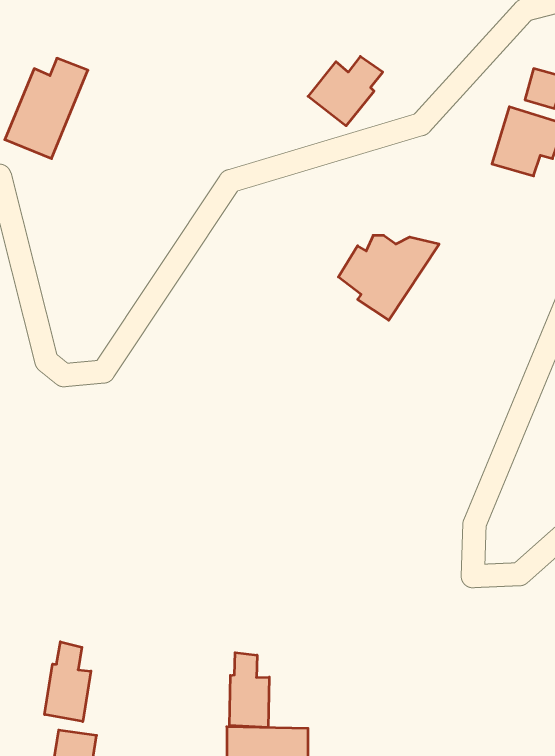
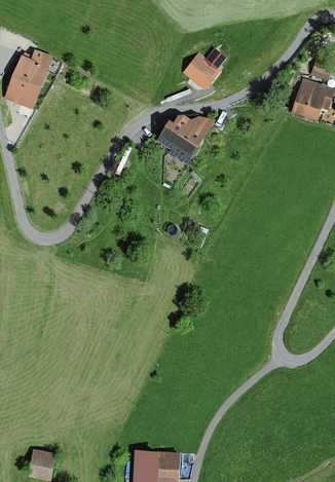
building: [338,235,439,320] -> [156,115,216,165]
building: [45,642,91,722] -> none
building: [229,653,269,727] -> none

